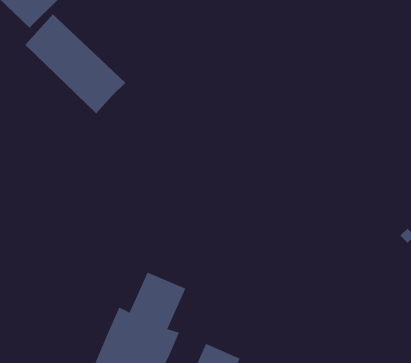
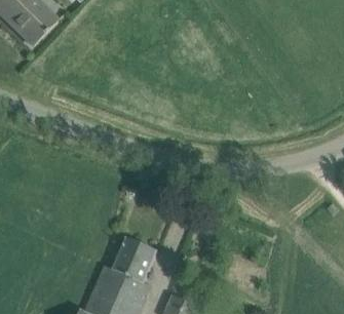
building: [24,14,126,114] -> none

